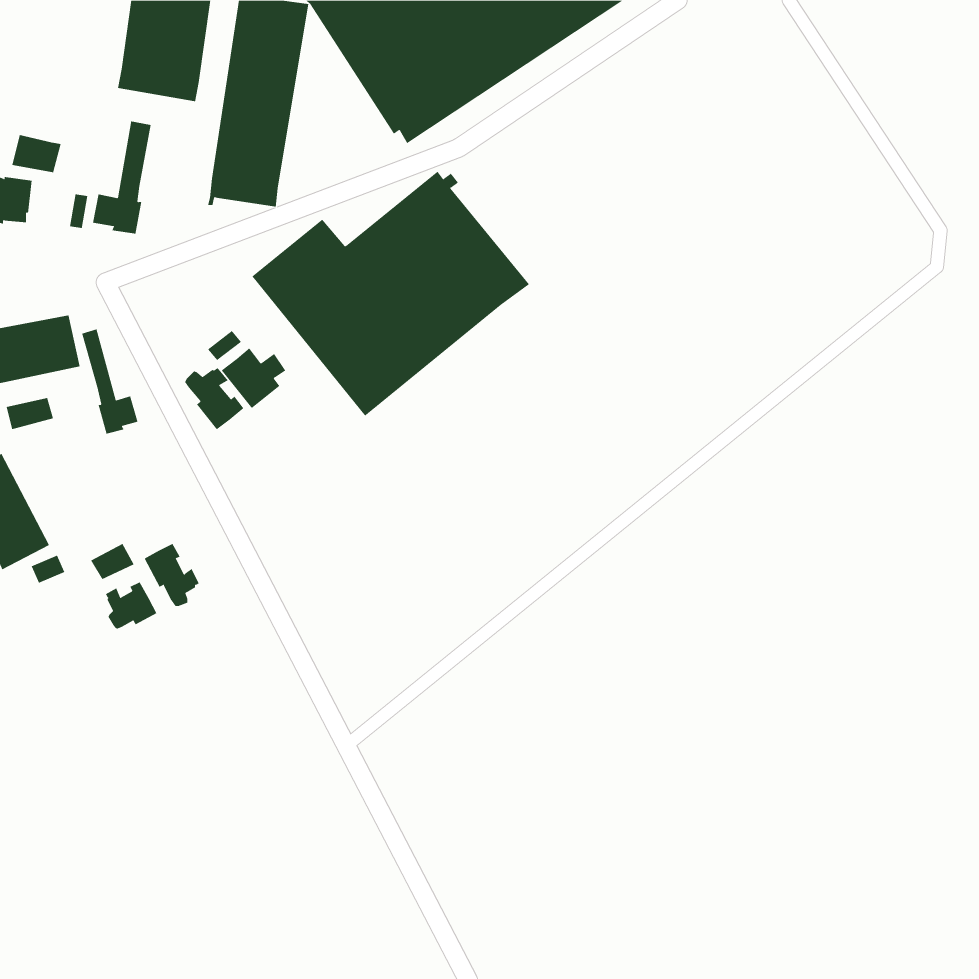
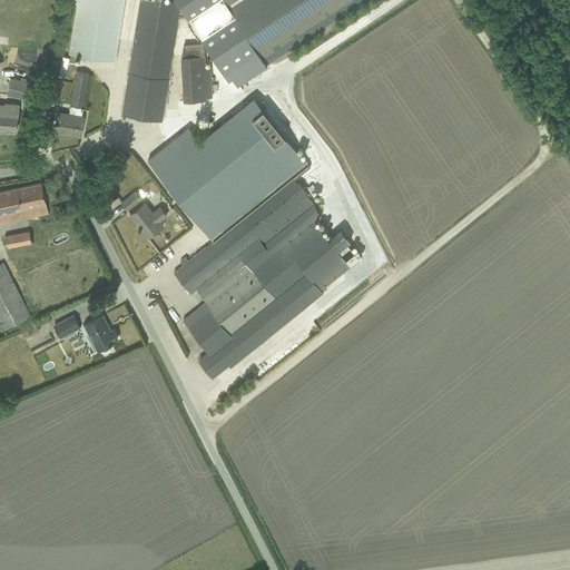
building: none -> [180,45,210,102]
building: none -> [171,178,358,379]
building: [81,329,138,434] -> none
building: [185,367,244,430] -> none
building: [105,581,157,629] -> none

